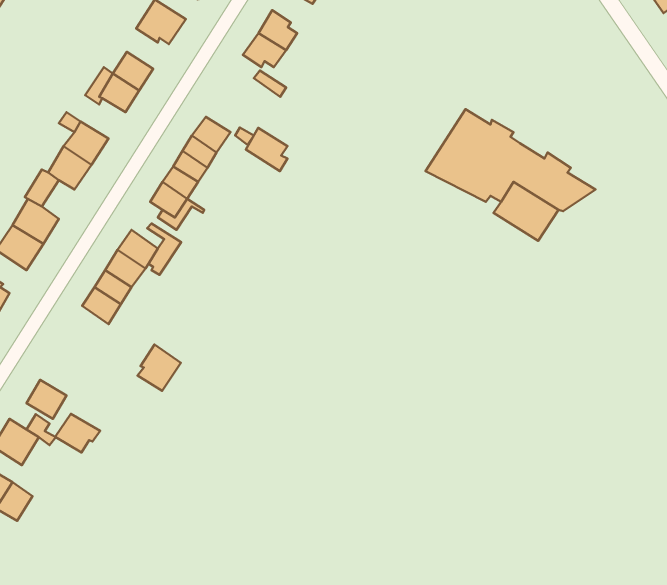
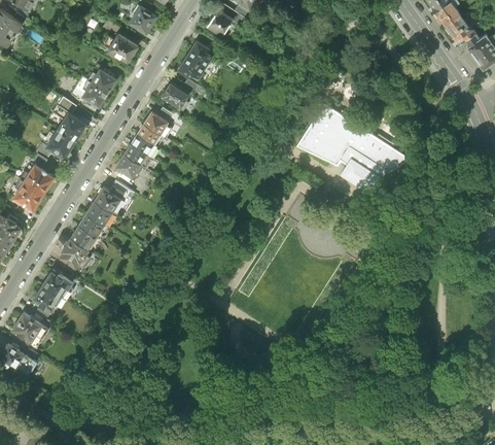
building: [246,128,288,171] -> [161,81,188,110]
building: [138,344,181,391] -> [59,236,87,267]
building: [55,414,100,452] -> [42,270,72,296]

